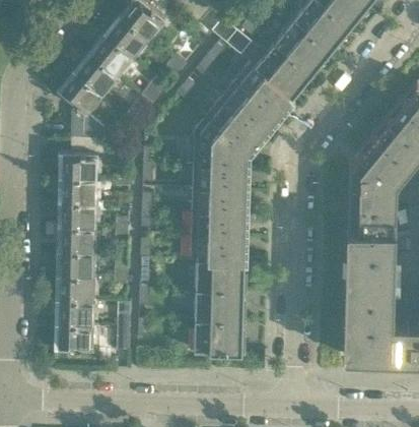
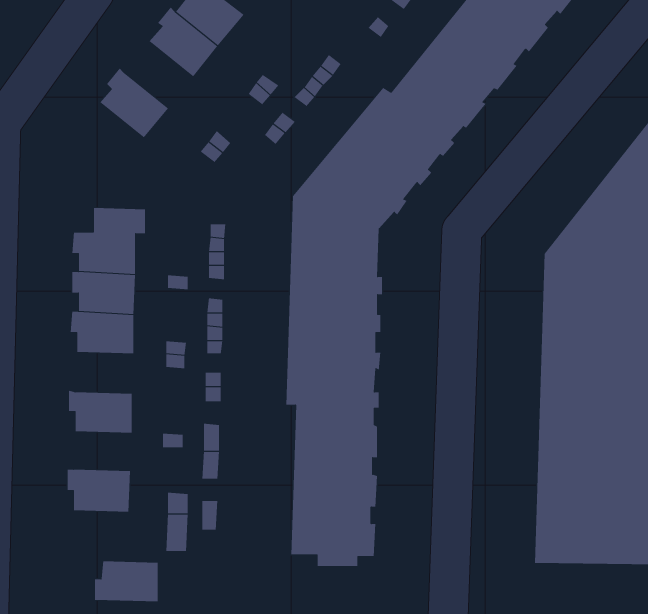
building: [90,35,133,78] -> none
building: [56,72,103,140] -> none
building: [57,229,96,254] -> none
building: [55,277,95,302] -> none
building: [54,326,93,352] -> [94,561,159,602]

